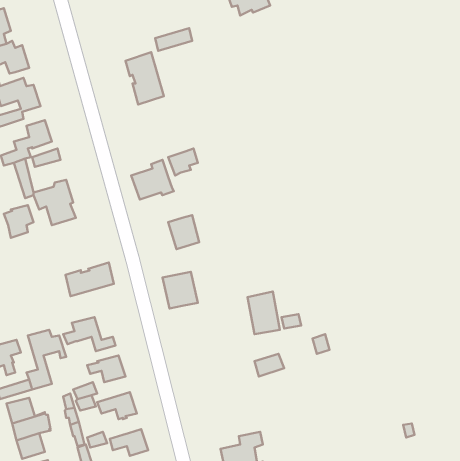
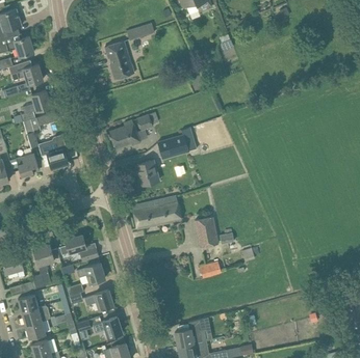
building: none -> [157,132,197,159]
building: [66,262,114,296] -> none
building: none -> [153,196,181,224]

